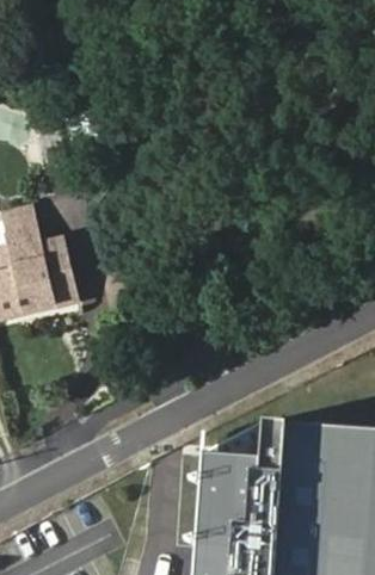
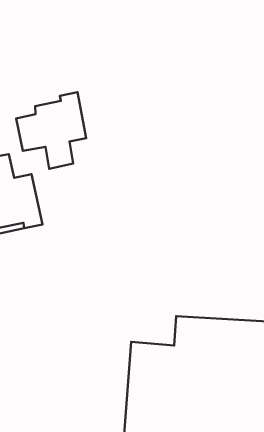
building: none -> [16,92,86,169]

